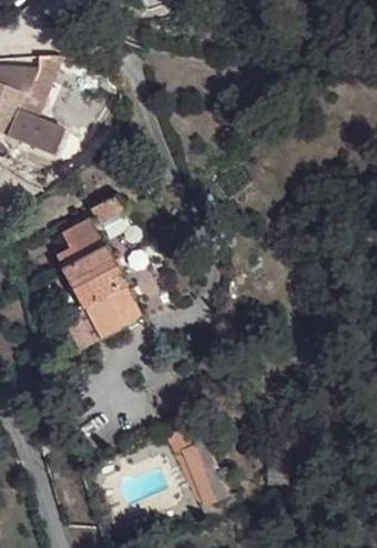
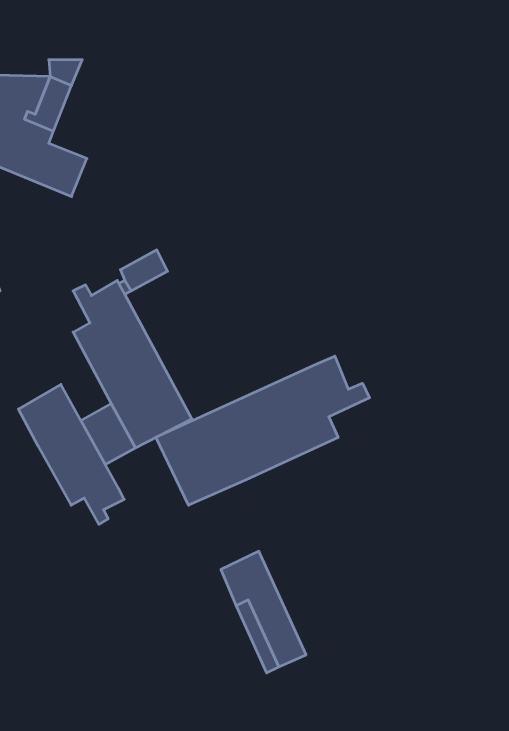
building: none -> [156,356,370,505]
building: none -> [18,384,124,524]

